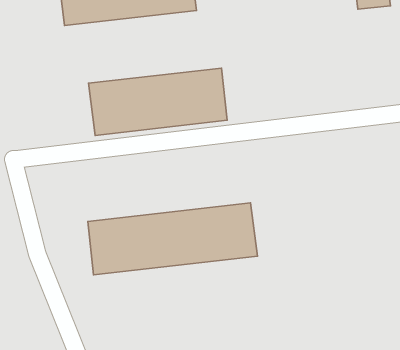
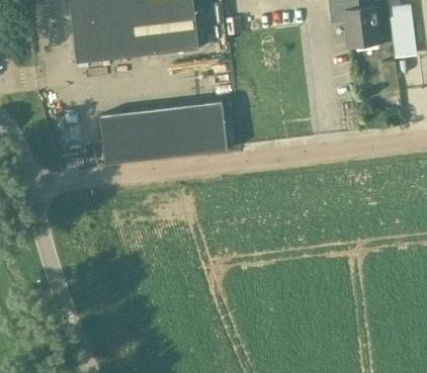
building: [88,203,257,275] -> none

